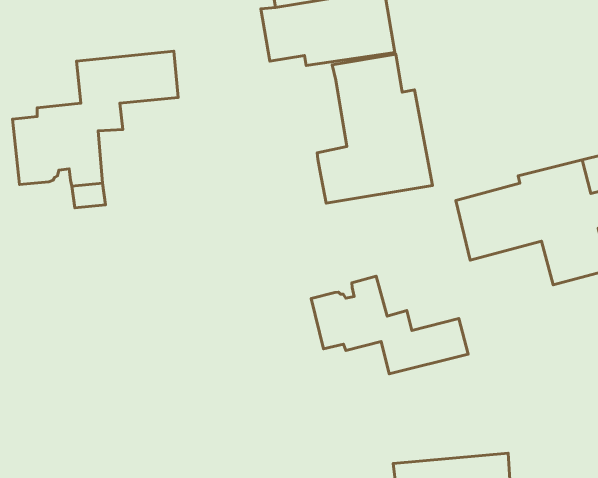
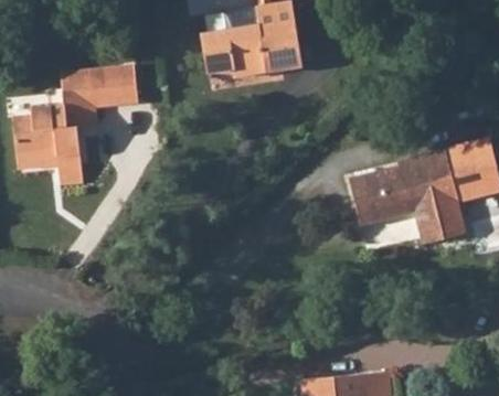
building: [317,54,432,203] -> none
building: [311,276,468,374] -> none

